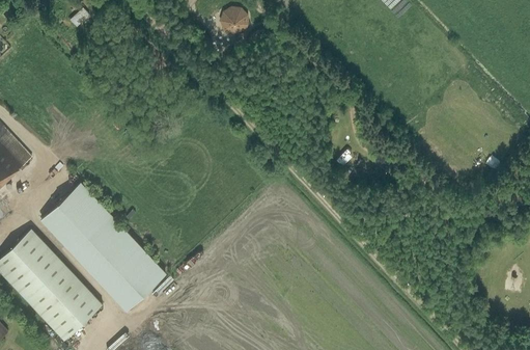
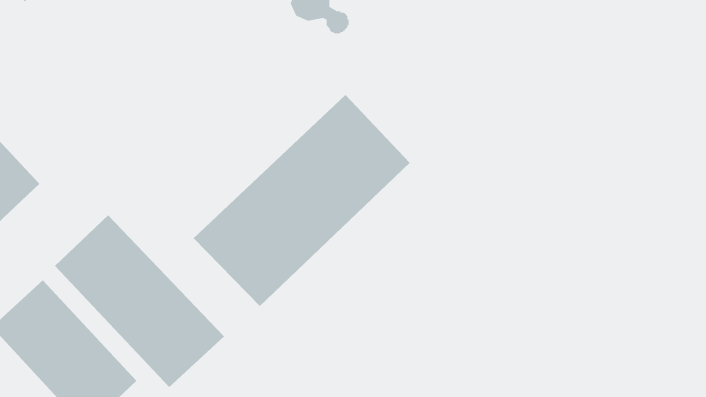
building: none -> [193,94,411,307]

